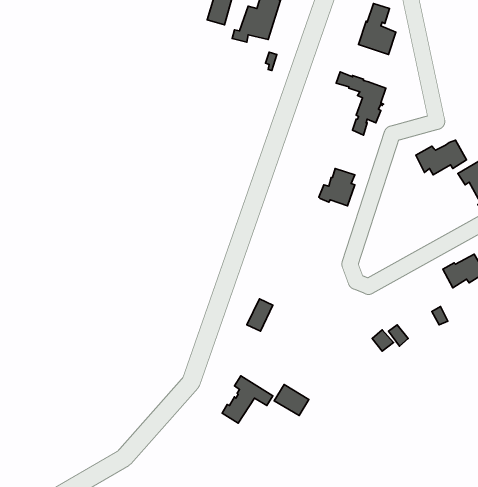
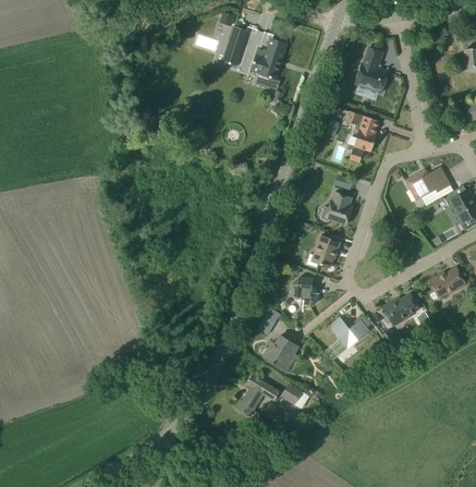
building: none -> [306,235,340,267]
building: none -> [290,277,318,306]
building: none -> [382,293,418,326]
building: none -> [328,316,369,349]
building: none -> [263,334,297,376]

